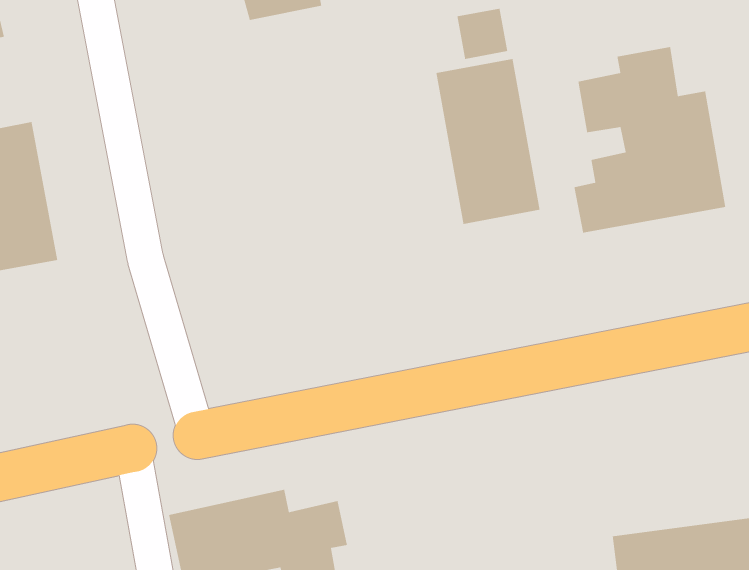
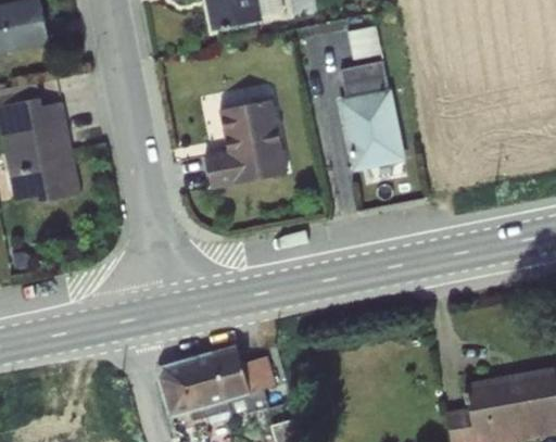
building: [573,46,726,234] -> none
building: none -> [202,101,285,191]

